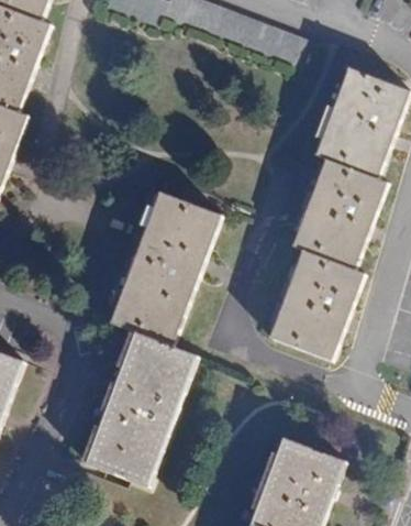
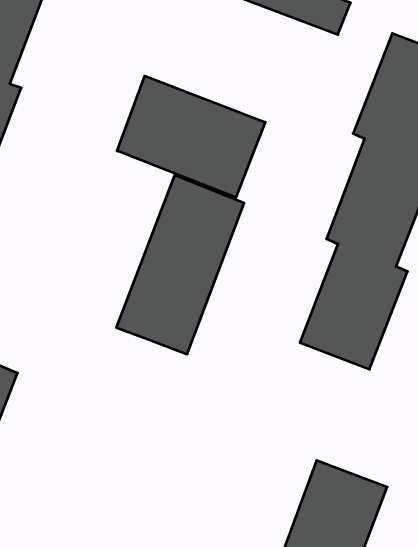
building: none -> [117,76,265,197]
building: [86,332,196,485] -> none

